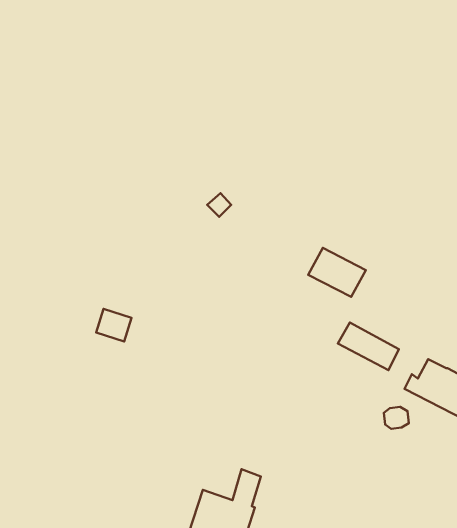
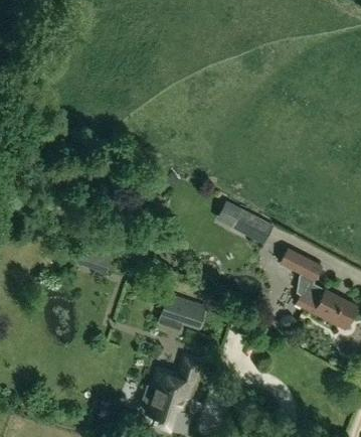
building: [338,323,399,370] -> [280,249,321,281]
building: none -> [159,295,205,328]

